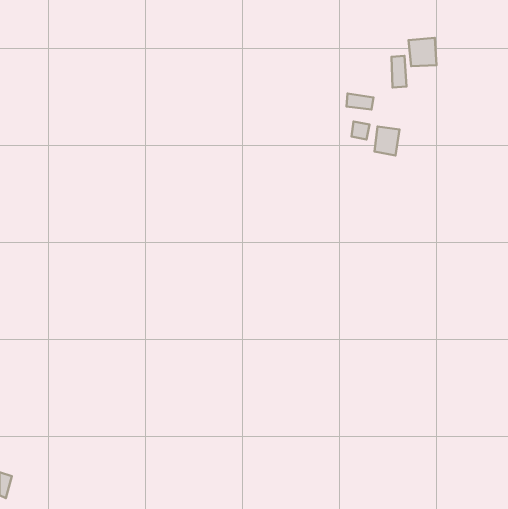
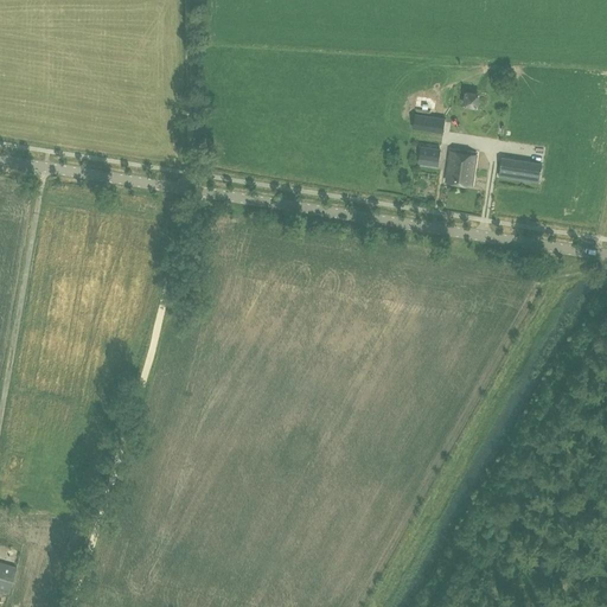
building: [408,38,437,66] -> none
building: none -> [498,156,541,181]

